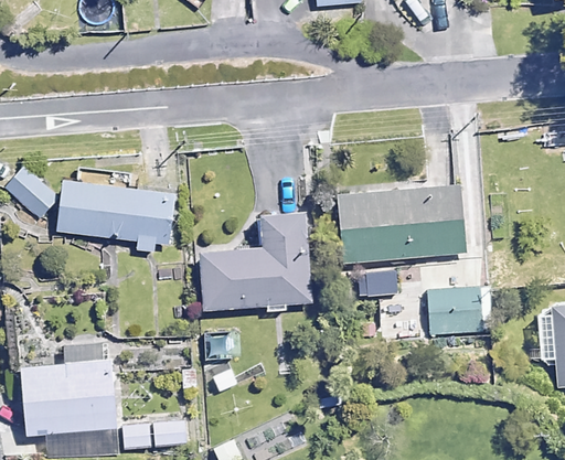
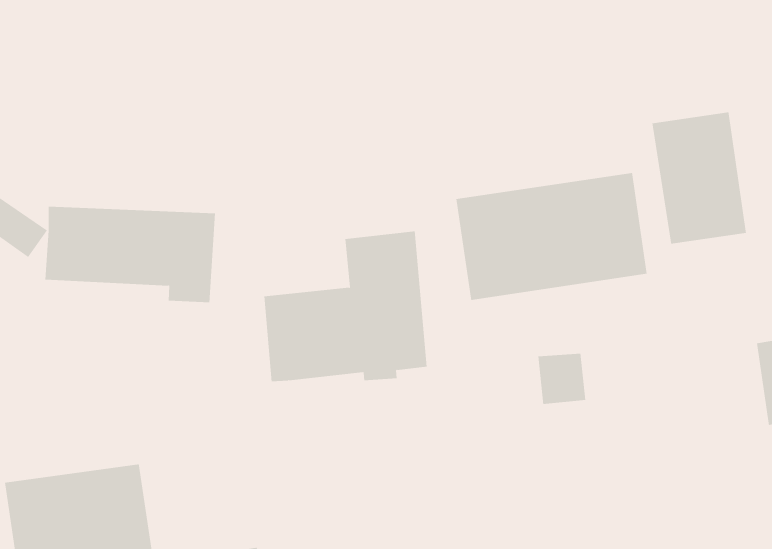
building: none -> [652,111,747,244]
building: [430,288,484,336] -> none

